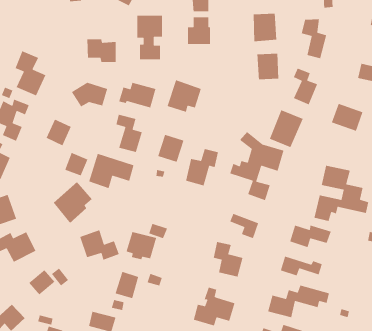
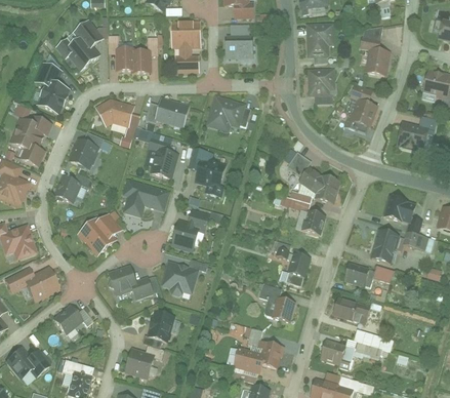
building: none -> [56,21,104,72]
building: [269,109,304,148] -> none
building: [185,148,219,186] -> [172,210,210,253]
building: [64,152,89,177] -> [54,176,82,204]

